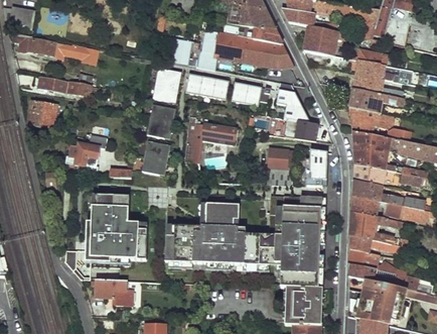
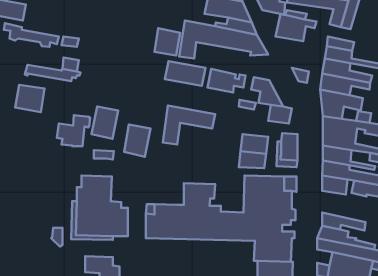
building: [153,68,180,102] -> none
building: [147,105,175,139] -> [92,107,118,139]
building: [352,212,405,246] -> none

